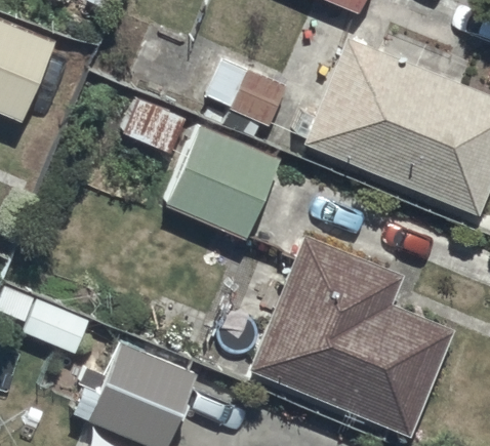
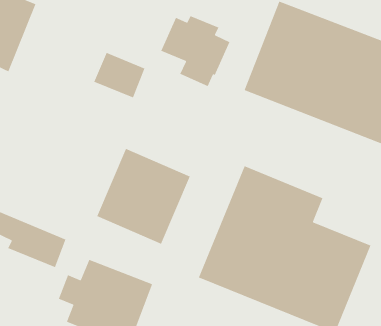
building: [166,123,279,239] -> [96,148,191,245]

